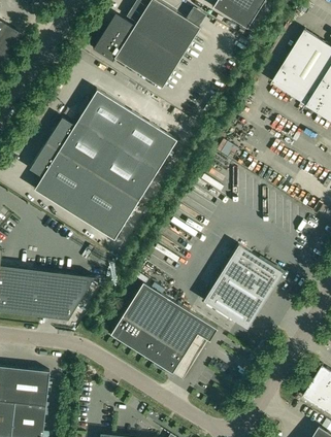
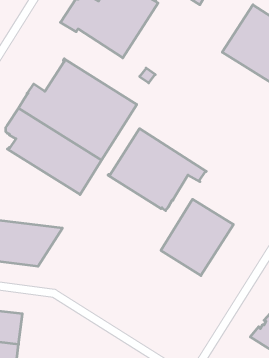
building: [107,282,217,373] -> [108,129,206,211]

